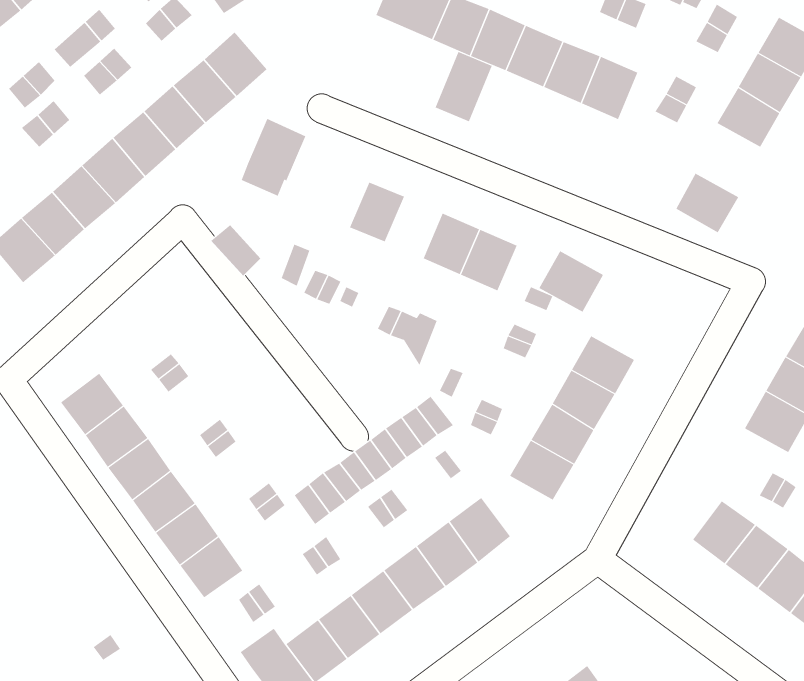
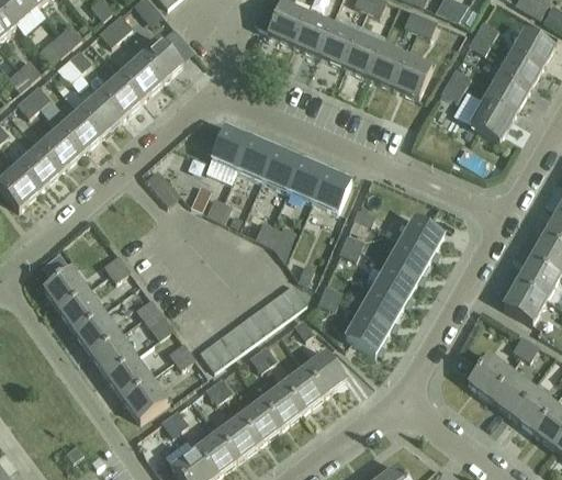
building: [435,51,492,122] -> none
building: [241,118,306,197] -> [206,126,250,179]
building: [676,173,739,233] -> [471,99,514,139]
building: none -> [261,148,300,190]
building: [539,250,604,313] -> [400,216,443,258]

